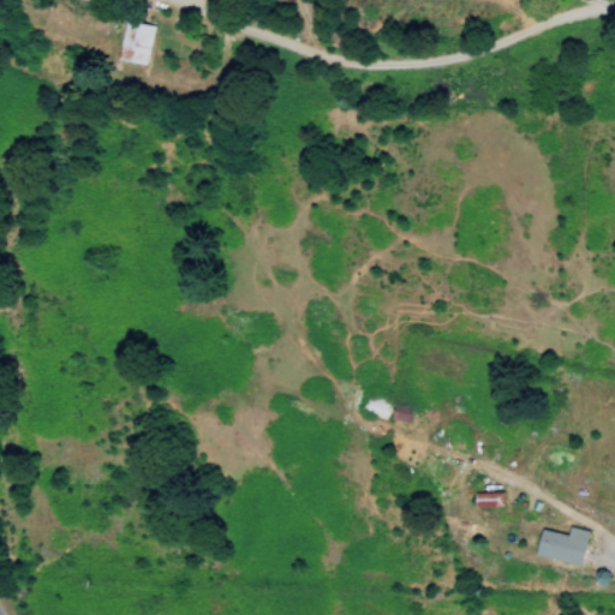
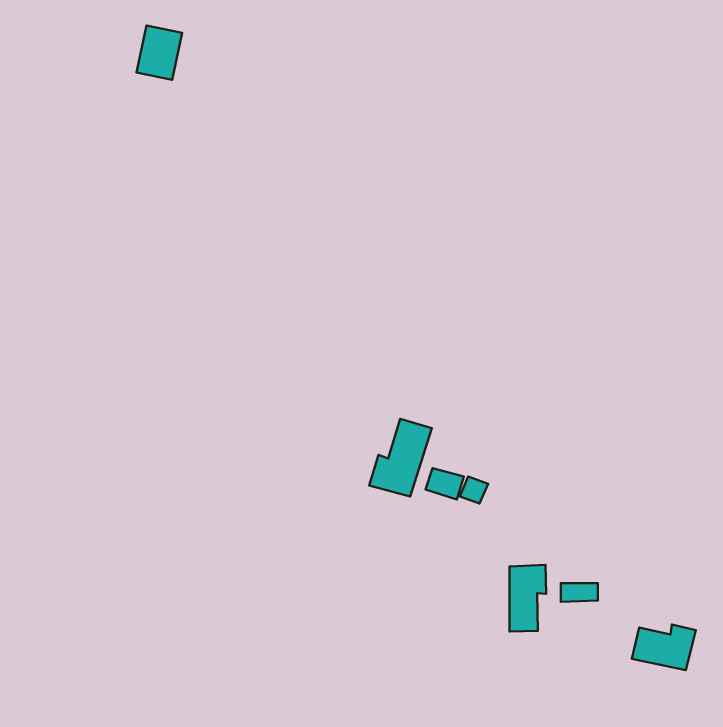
building: none -> [369,419,432,496]
building: none -> [509,565,546,631]

